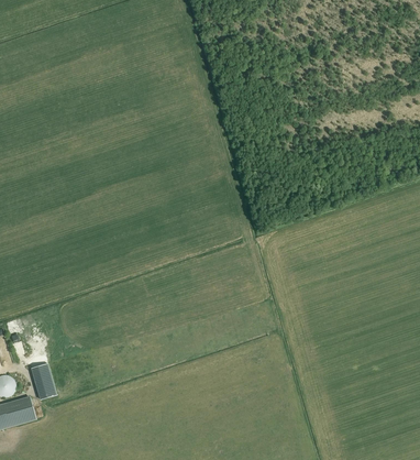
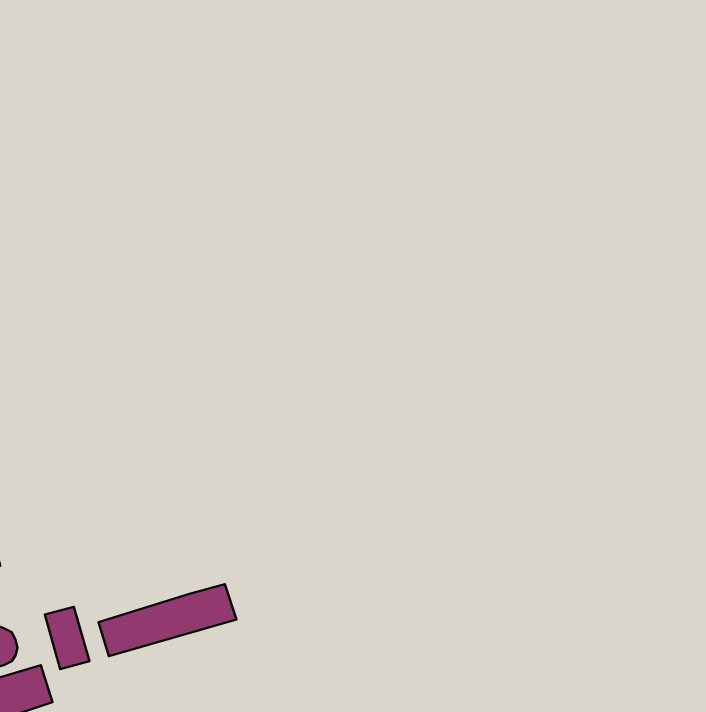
building: none -> [98,584,237,656]

